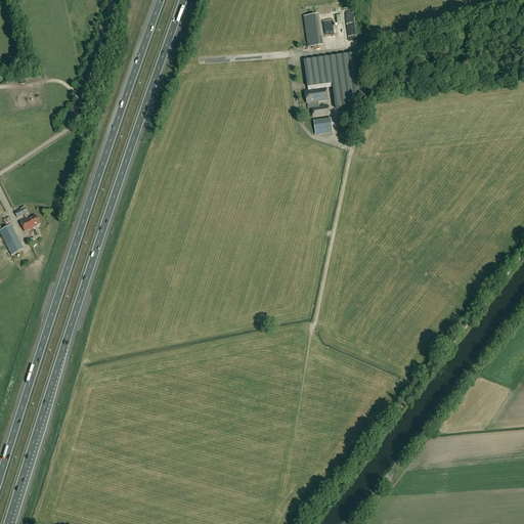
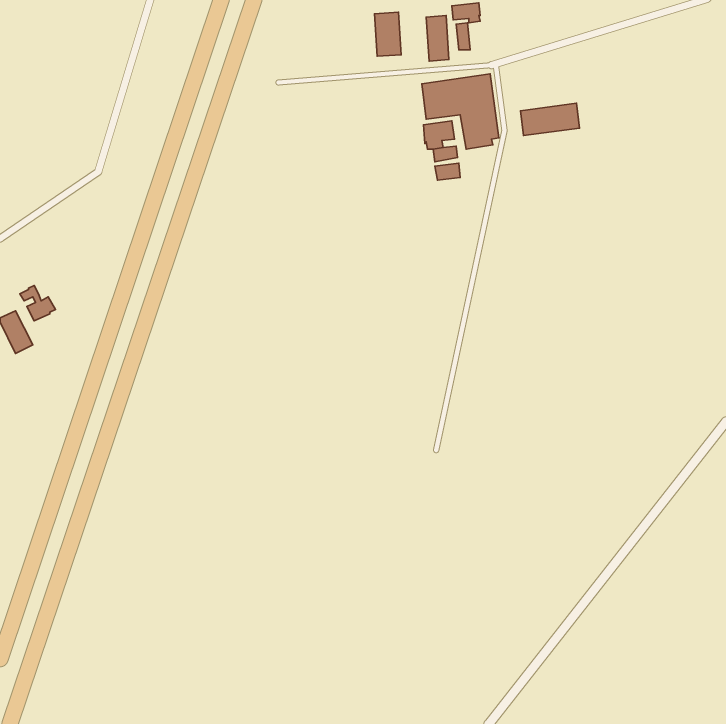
building: none -> [374,12,401,56]
building: none -> [520,103,580,135]

